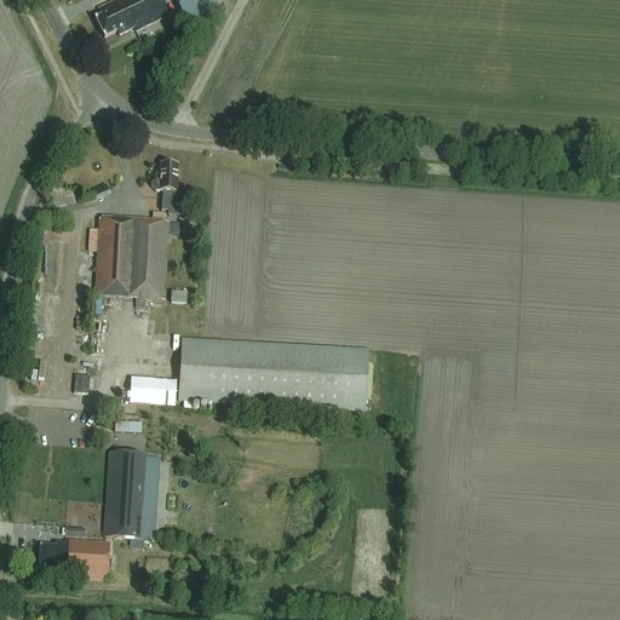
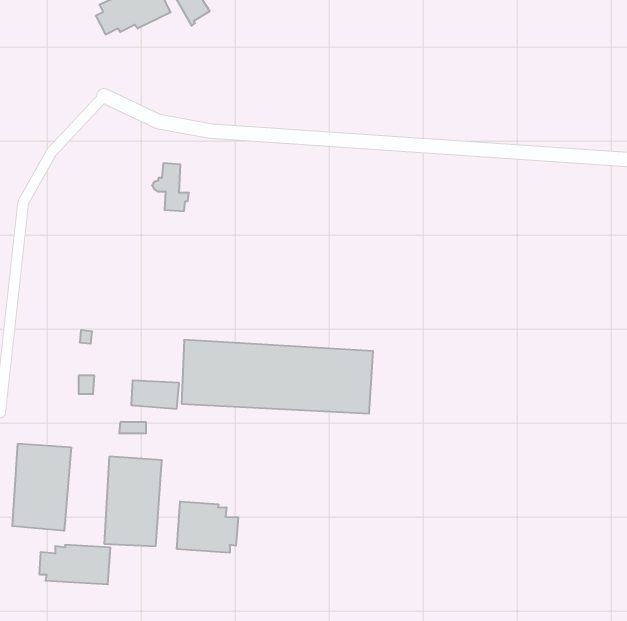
building: [88,213,176,298] -> none
building: none -> [12,444,71,531]
building: none -> [177,501,238,553]

